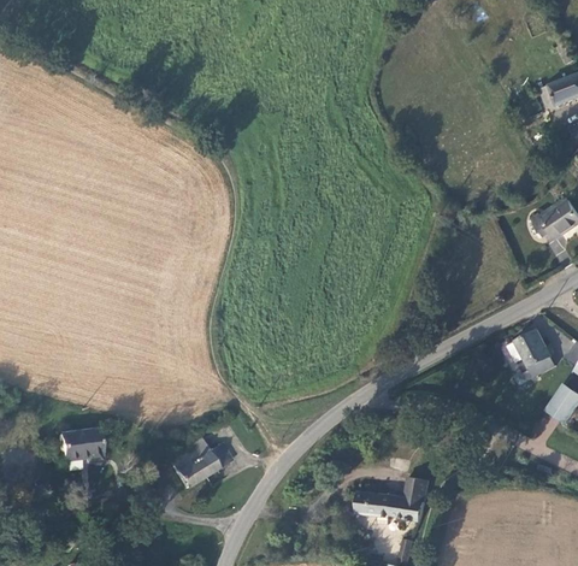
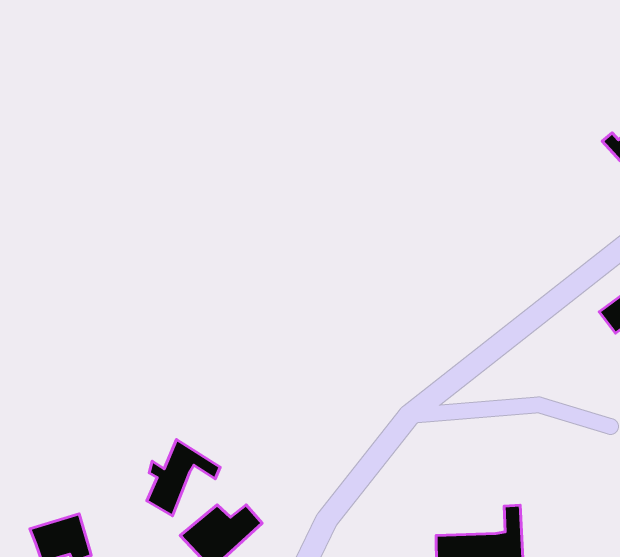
building: none -> [147,439,220,516]

